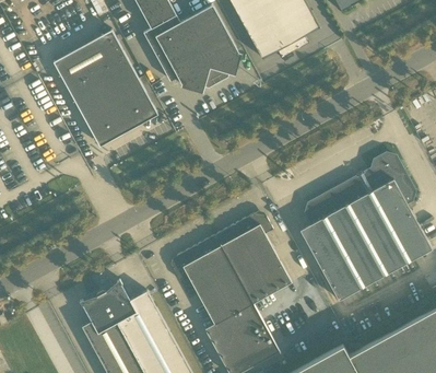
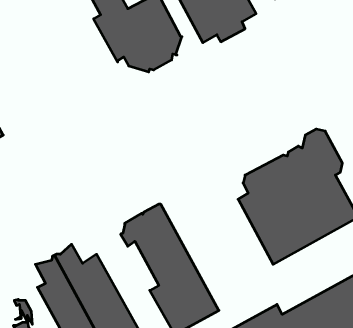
building: [54,30,156,143] -> none
building: [216,213,292,351] -> none

